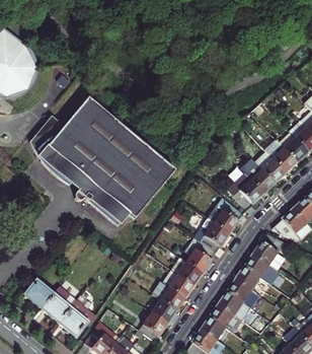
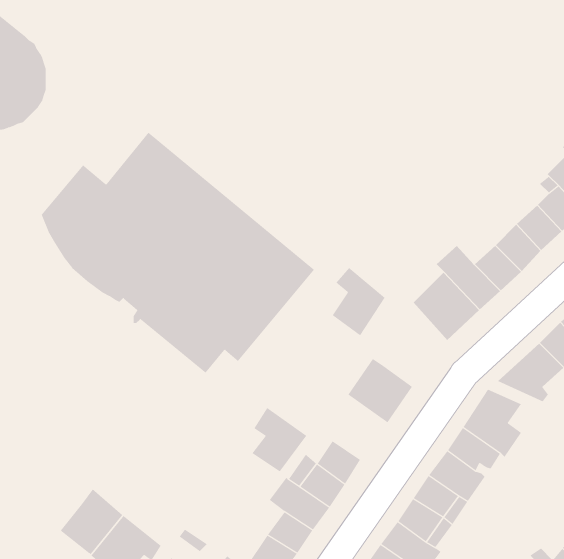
building: [213,195,241,231] -> [332,267,385,336]
building: [185,235,215,270] -> [252,407,307,472]
building: [24,280,53,307] -> none

